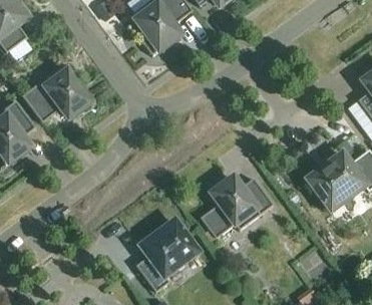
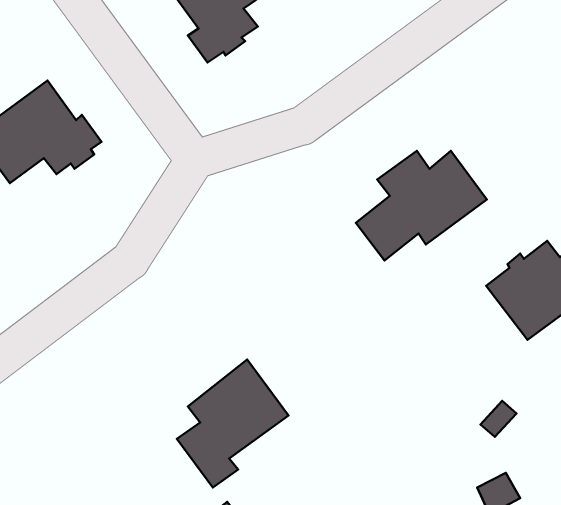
building: [200,178,273,239] -> [356,151,487,261]

